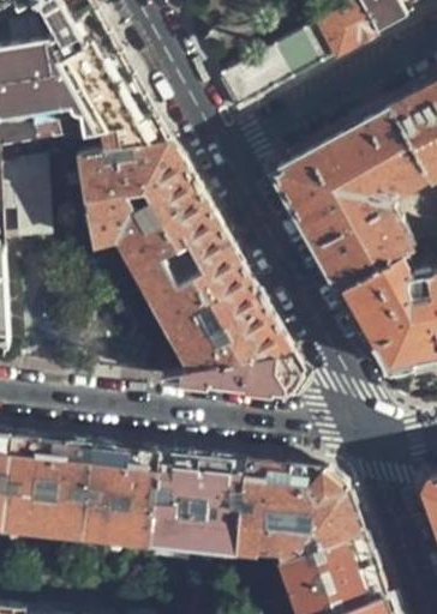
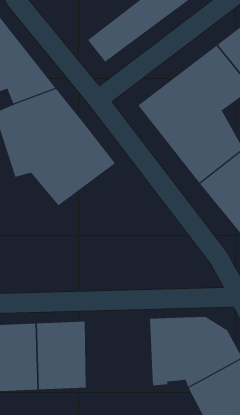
building: [145,253,301,392] -> none
building: [146,457,244,556] -> none

